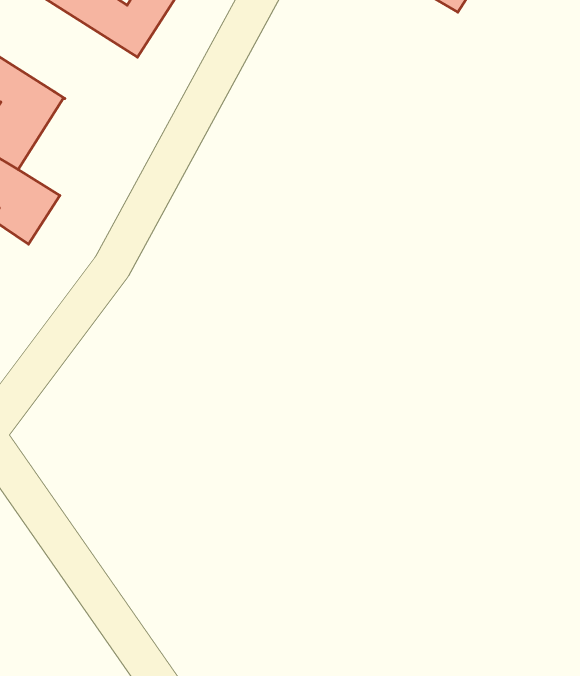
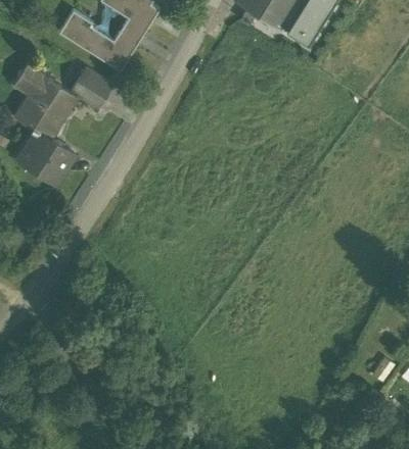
building: none -> [70,68,110,110]

